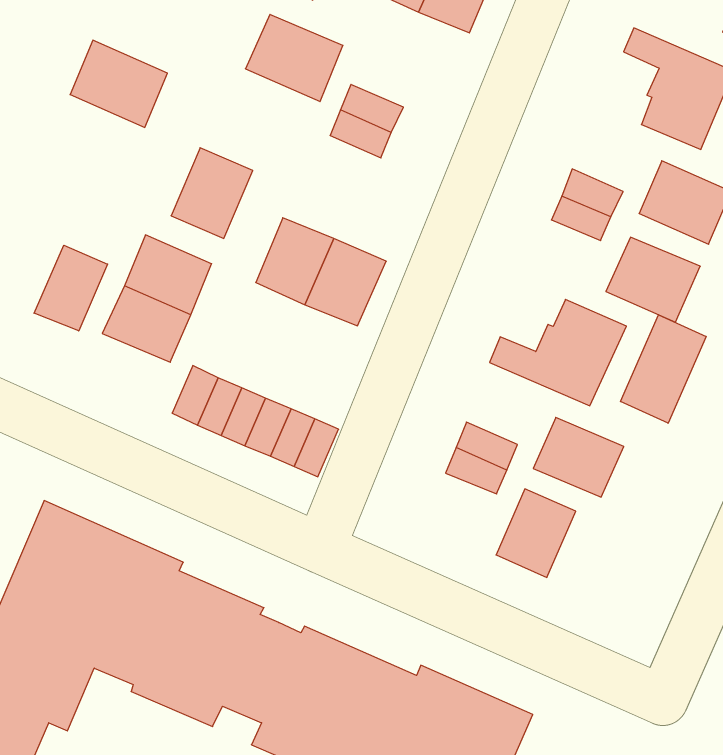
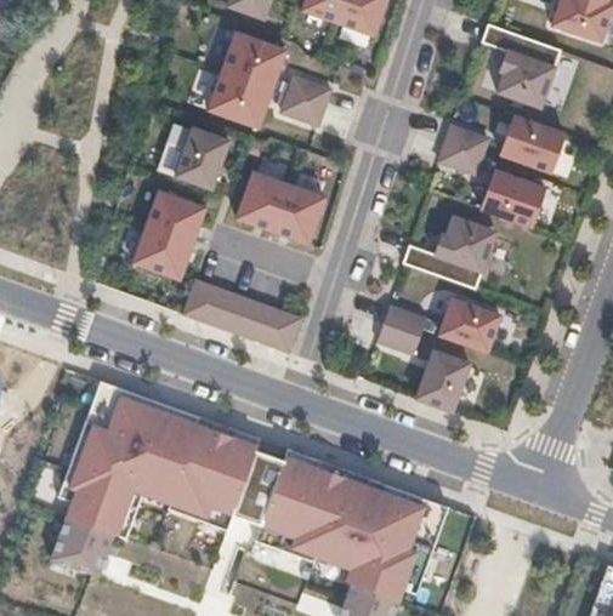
building: [70,40,167,127] -> [206,70,273,129]
building: [34,245,108,331] -> none
building: [621,315,706,423] -> none

